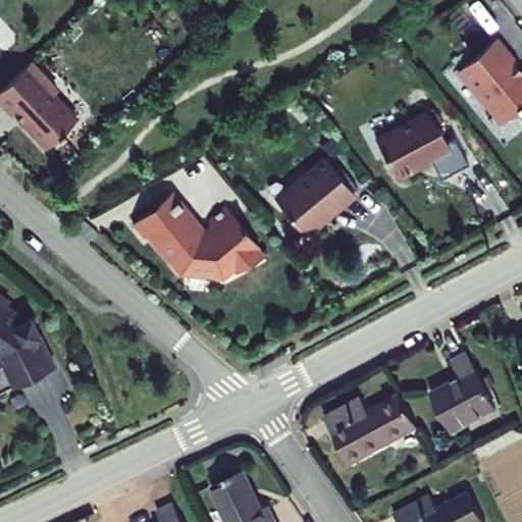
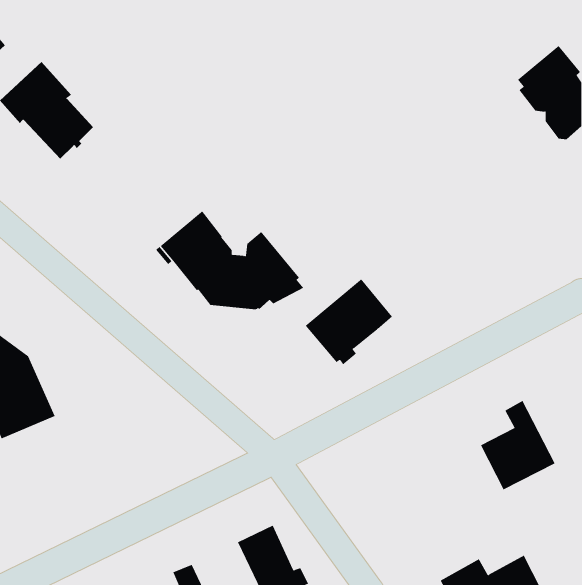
building: [379,116,457,187] -> none
building: [281,163,359,240] -> [305,279,393,365]
building: [318,397,410,465] -> none

